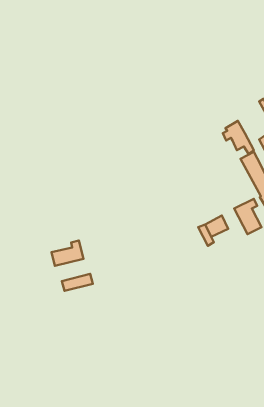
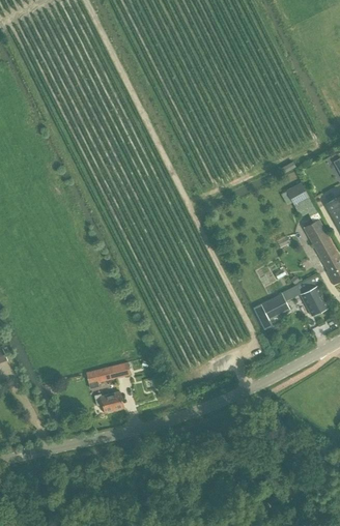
building: [51,240,84,266] -> none
building: none -> [93,391,122,412]

